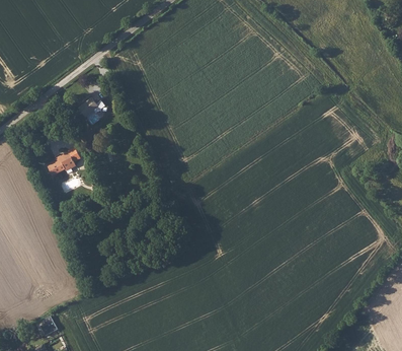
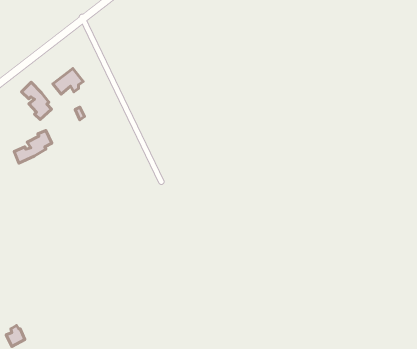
building: none -> [22,82,51,119]

